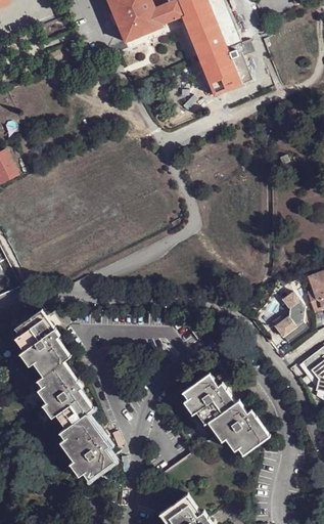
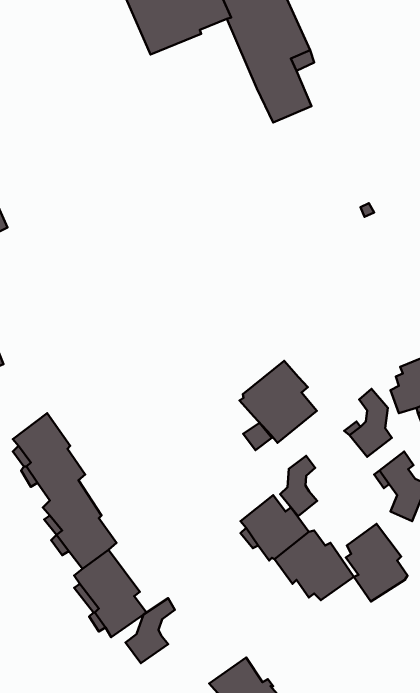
building: none -> [240,361,317,443]
building: none -> [280,456,317,516]
building: none -> [346,524,408,601]
building: none -> [126,598,175,663]

